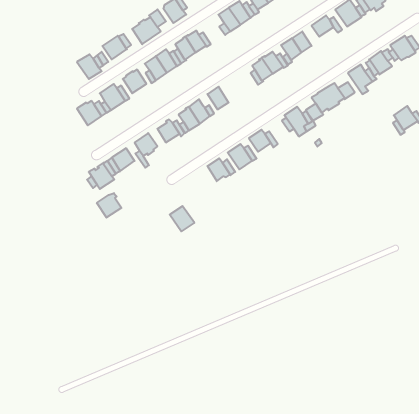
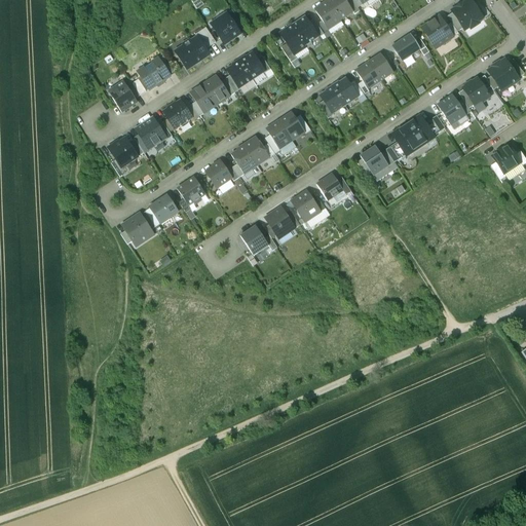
building: none -> [278,111,305,140]
building: [97,193,121,218] -> none
building: [170,206,194,231] -> [238,224,268,255]

